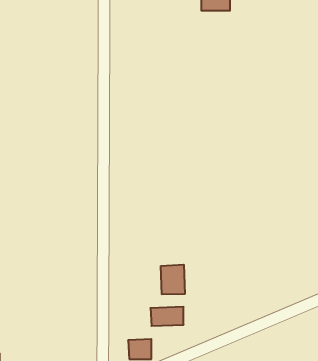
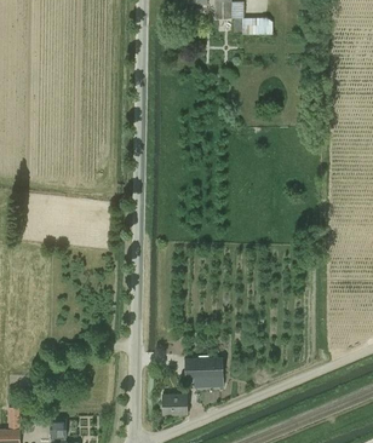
building: [161,265,185,294] -> none

